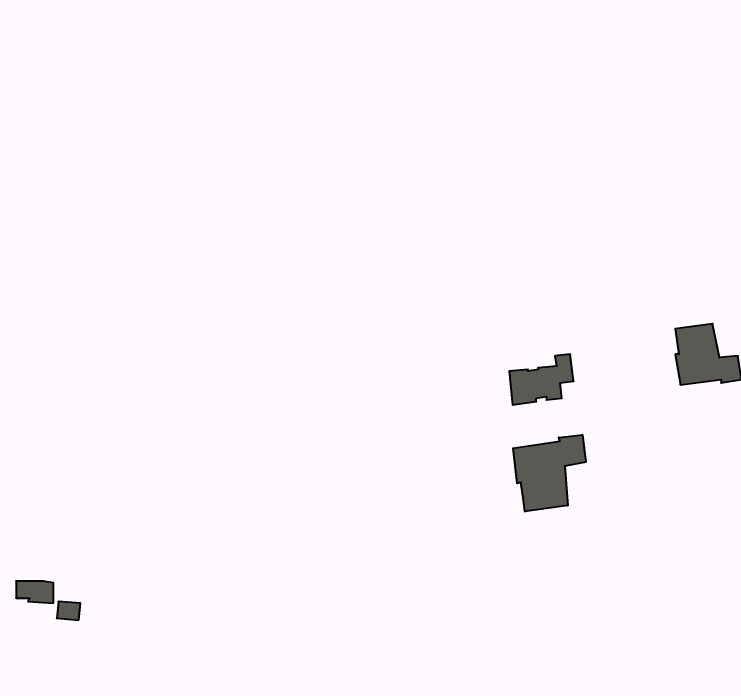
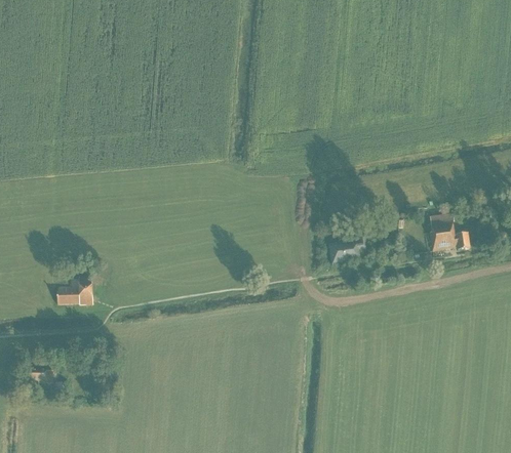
building: none -> [56,277,92,305]
building: [513,435,586,512] -> none

